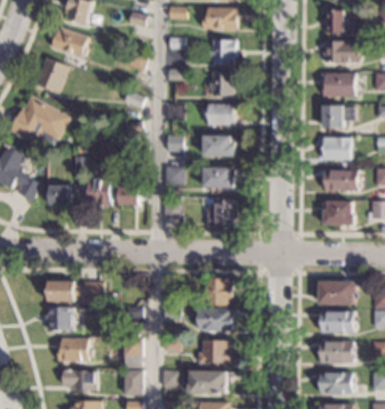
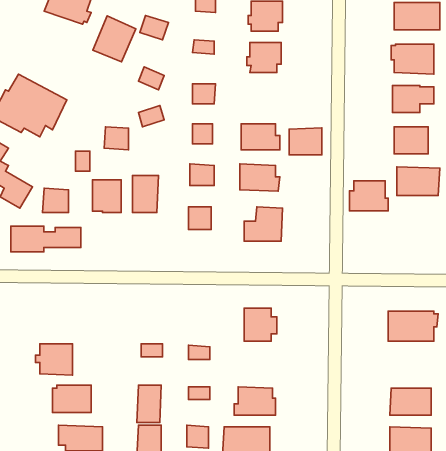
building: [34,57,68,92] -> [93,16,136,62]
building: [207,103,233,124] -> [289,128,322,155]
building: [324,201,354,225] -> [350,181,388,211]
building: [48,281,102,301] -> [11,226,81,252]
building: [197,308,233,330] -> none
building: [320,311,354,332] -> none

